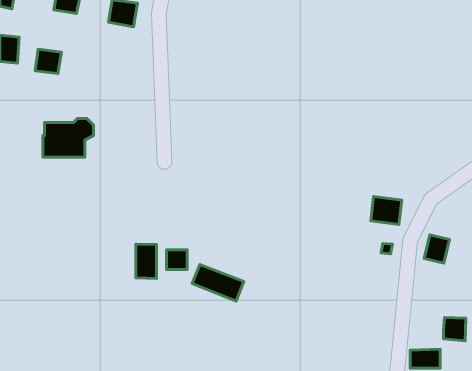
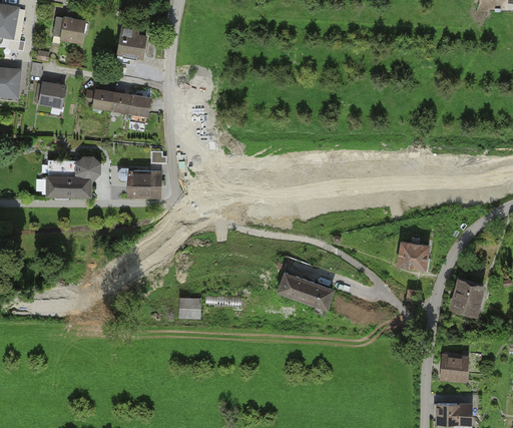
building: none -> [94,90,151,114]
building: none -> [127,170,162,198]
building: [136,244,157,278] -> none
building: [192,265,244,301] -> [279,271,334,310]
building: [443,317,466,341] -> [445,355,469,380]

